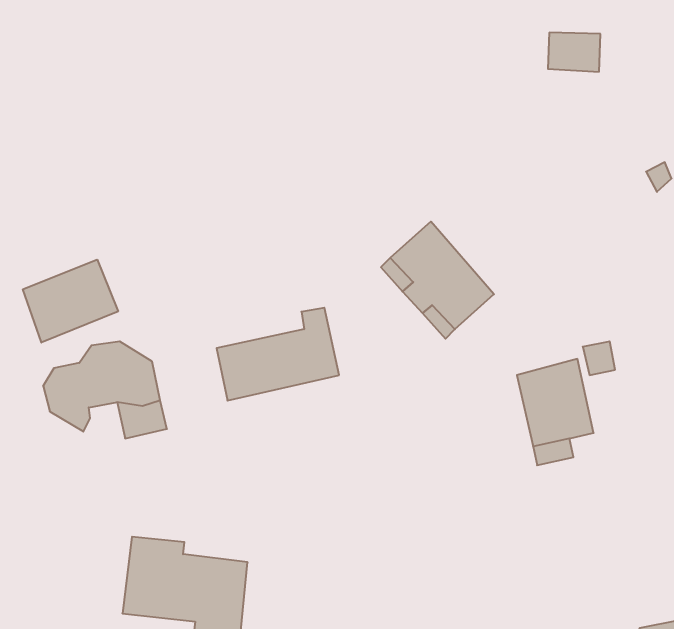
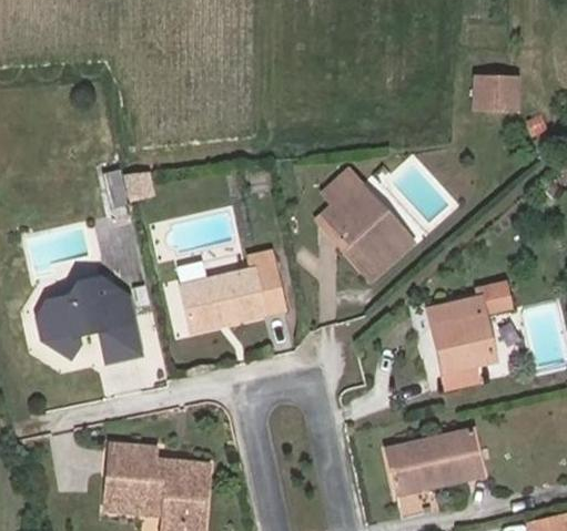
building: [548,33,600,72] -> [475,80,518,112]
building: [23,260,118,343] -> none
building: none -> [386,430,480,491]

